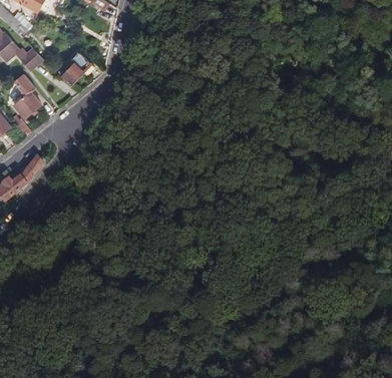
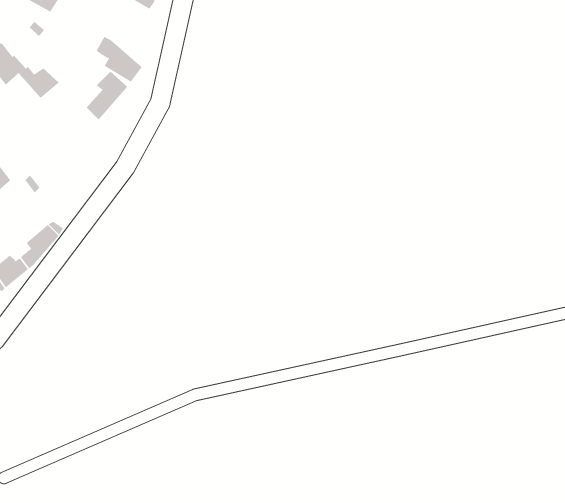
building: none -> [96,36,143,83]
building: [13,73,40,118] -> none

